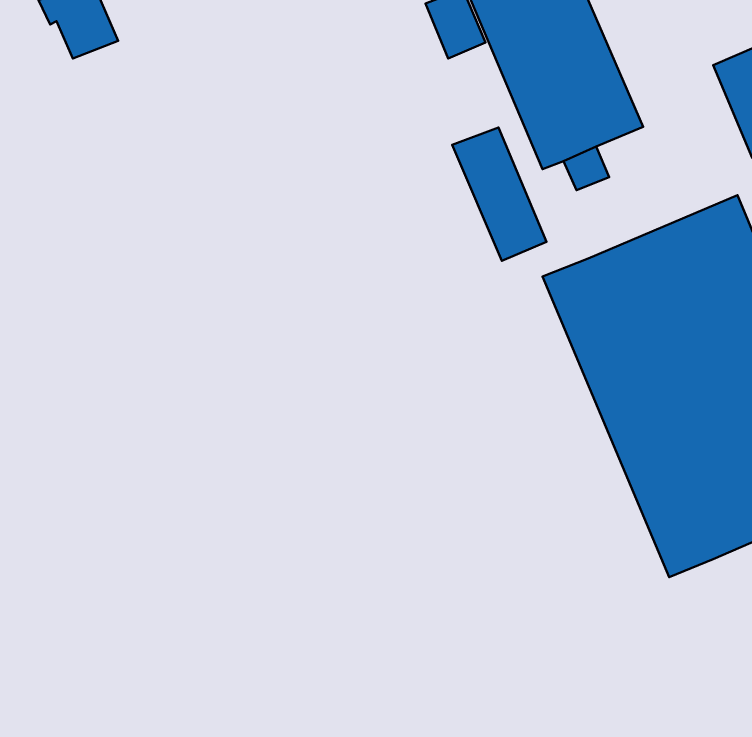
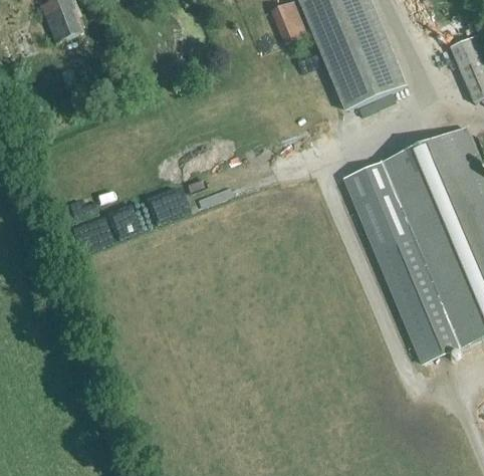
building: [452,127,547,261] -> none

